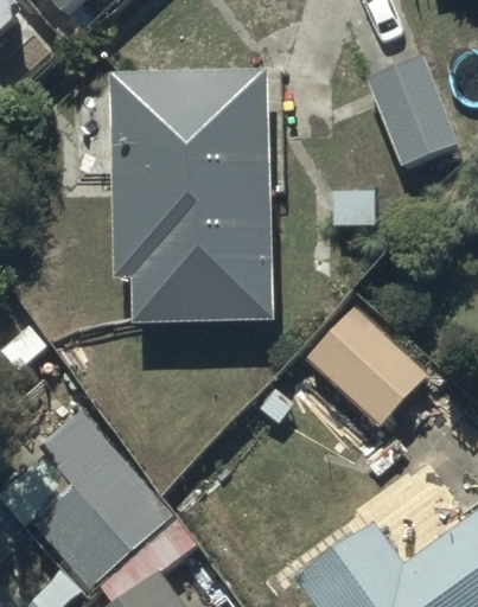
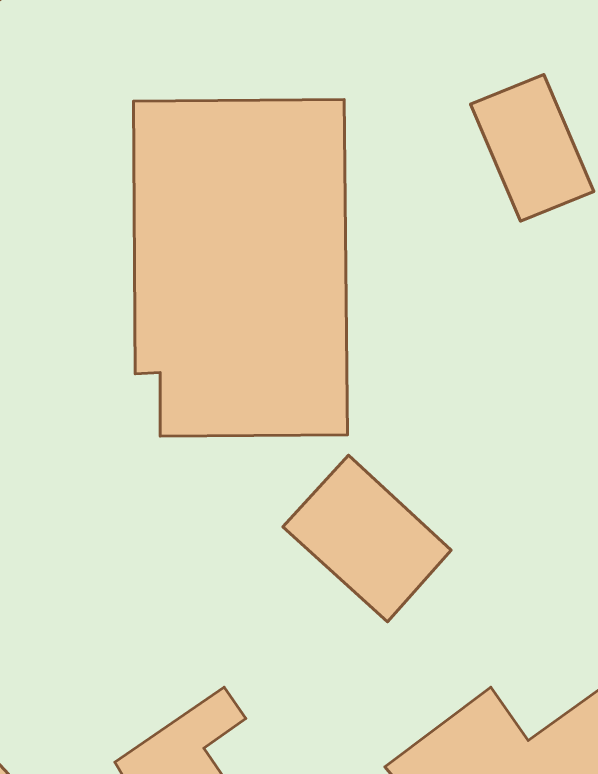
building: [300,304,428,430] -> [283,455,451,622]
building: [28,397,170,574] -> none

